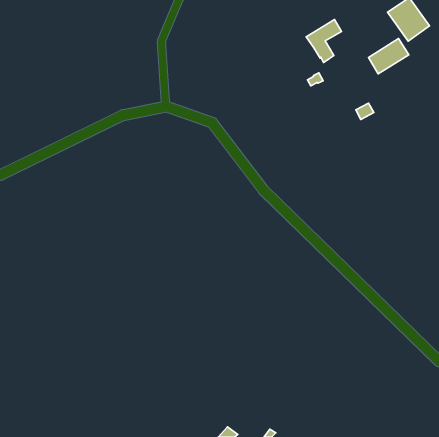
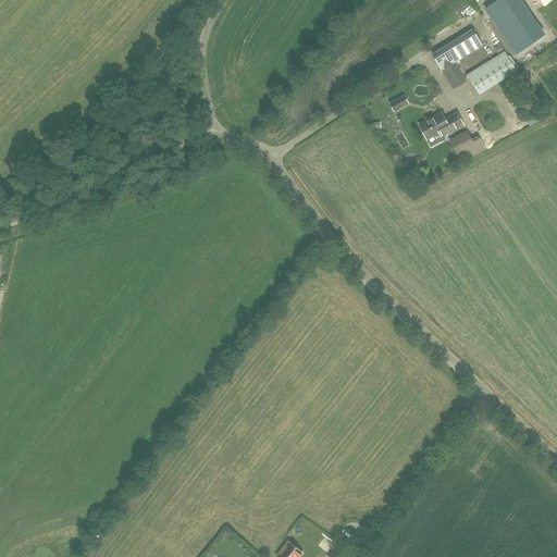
building: [306,20,341,62] -> [431,33,475,87]
building: none -> [419,111,462,137]

